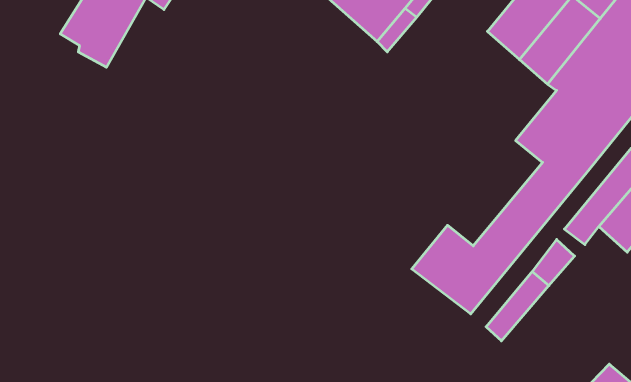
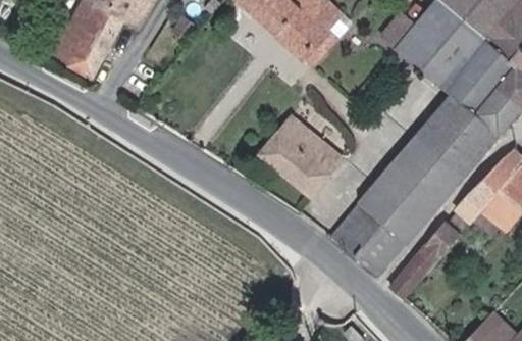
building: none -> [255,119,342,199]
building: none -> [360,137,435,221]

